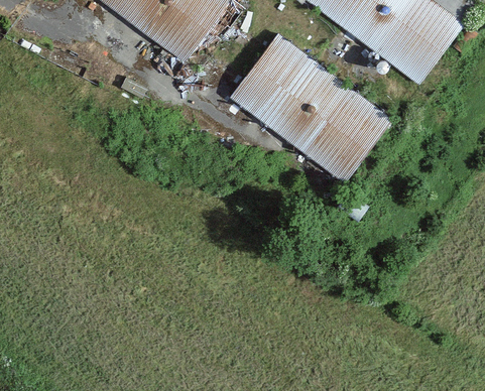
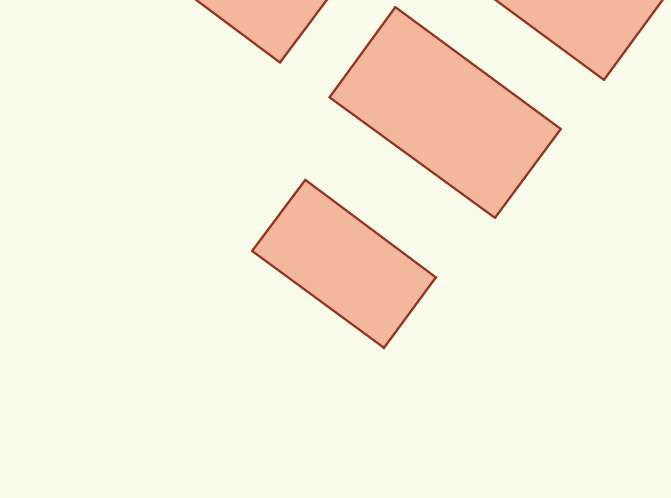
building: none -> [252,180,436,348]

